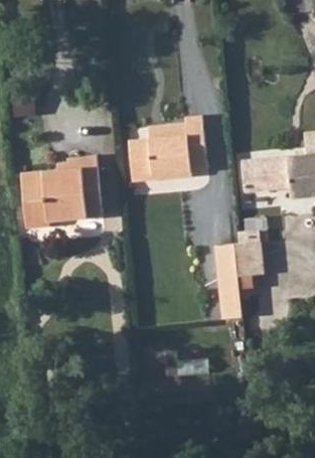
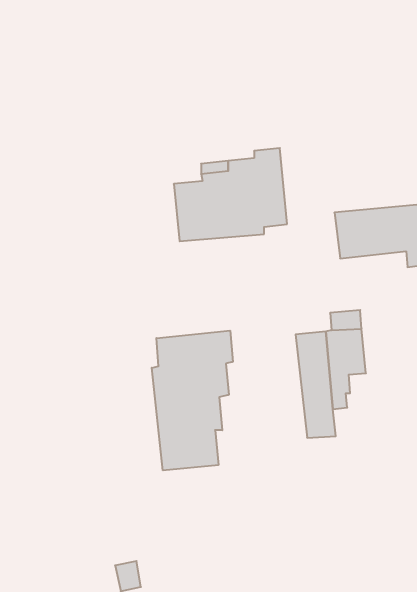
building: [20,156,103,228] -> none
building: none -> [152,331,233,470]

